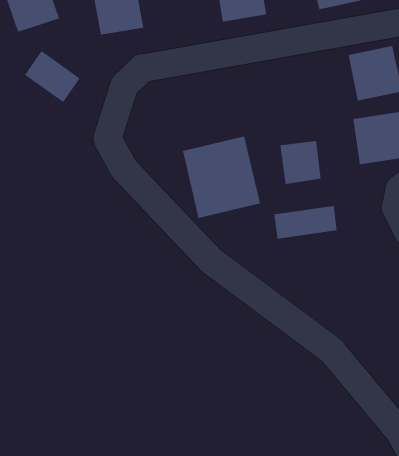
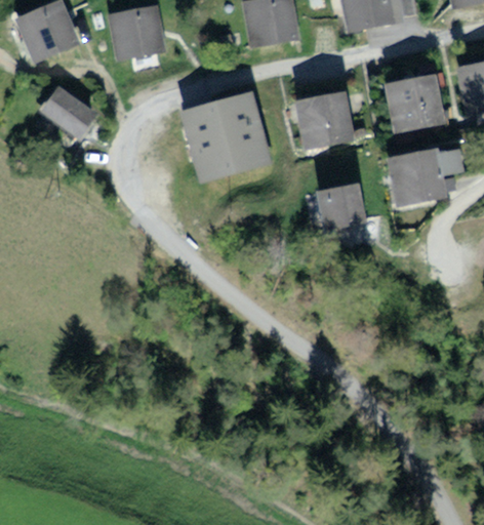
building: none -> [294,84,356,152]
building: [182,136,261,218] -> [179,91,266,181]
building: [274,205,337,240] -> none

